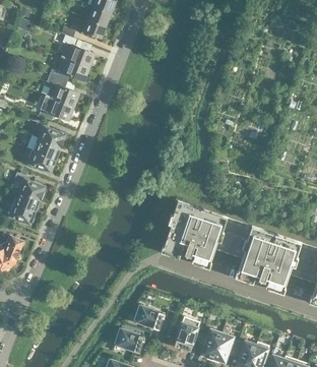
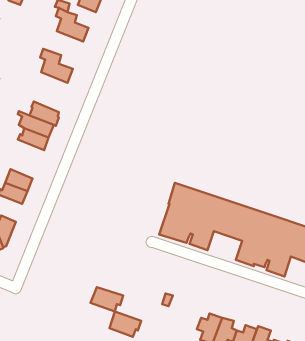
building: [49,56,87,79] -> none
building: [33,96,72,120] -> none
building: [13,172,43,198] -> none
building: [132,304,164,327] -> [91,287,123,311]
building: [173,316,198,348] -> none

